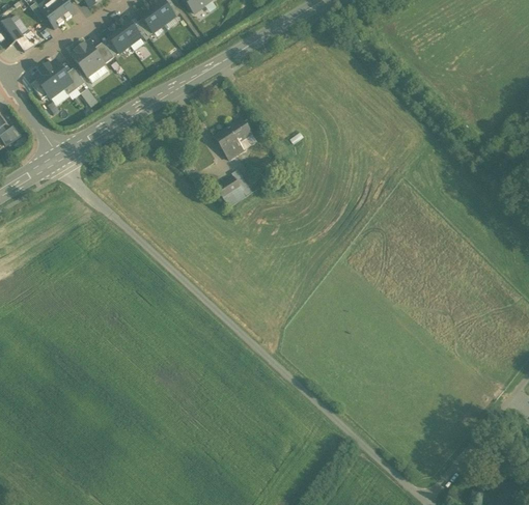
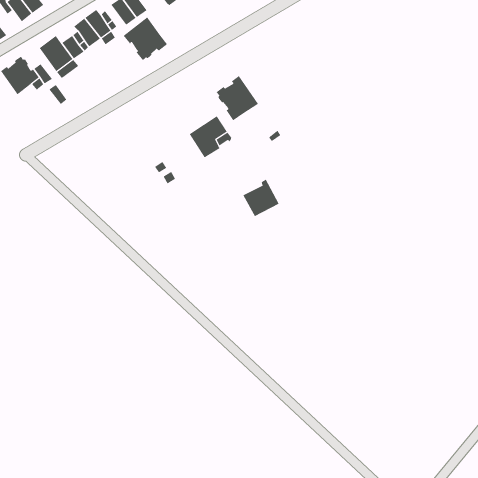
building: none -> [123,17,168,61]
building: none -> [216,75,259,121]
building: [217,168,252,204] -> [242,179,279,217]

